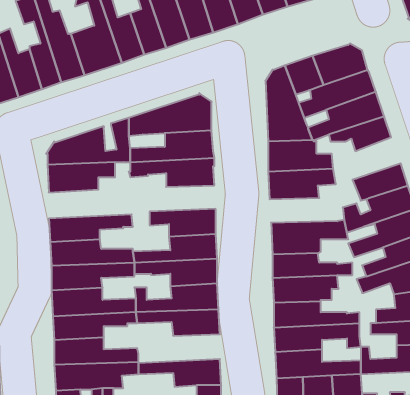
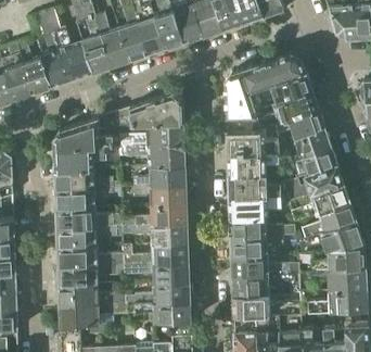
building: none -> [290,128,332,161]
building: none -> [133,166,187,187]
building: none -> [55,169,120,192]
building: none -> [229,176,287,196]
building: none -> [126,284,190,306]

